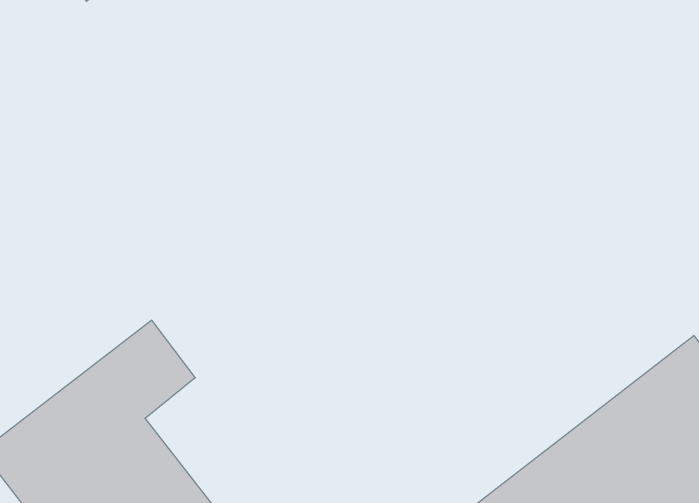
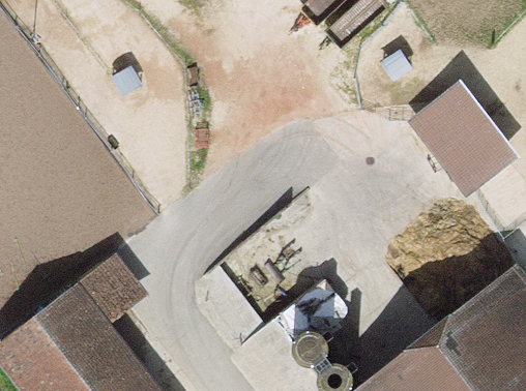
building: none -> [407,82,517,197]

